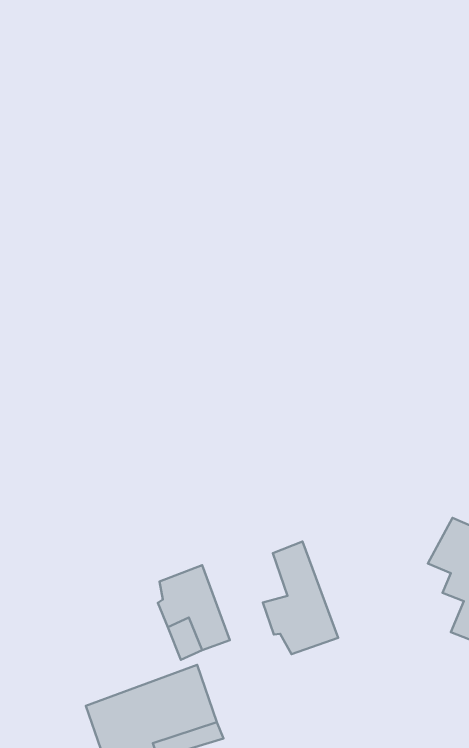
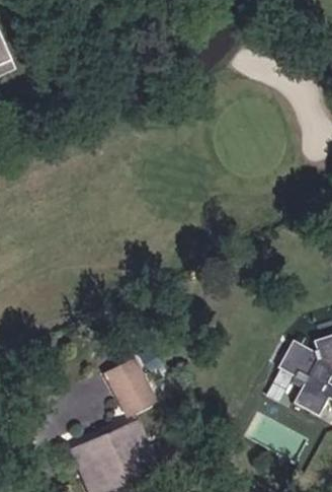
building: [263,542,338,654] -> none

